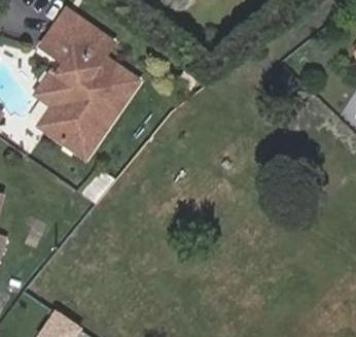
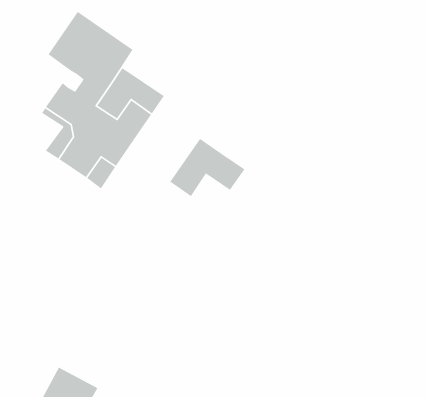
building: none -> [169,138,246,197]

